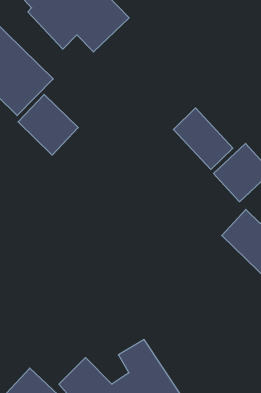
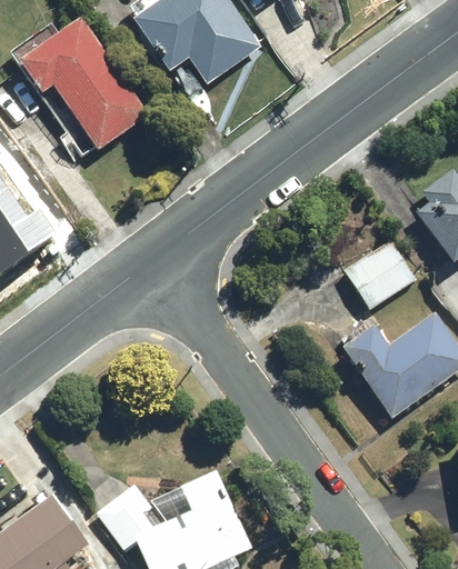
building: [18,94,78,155] -> none
building: [173,108,233,169] -> none

